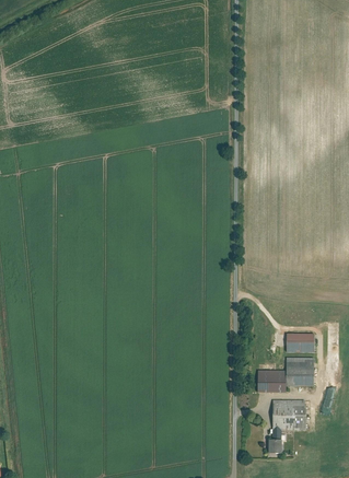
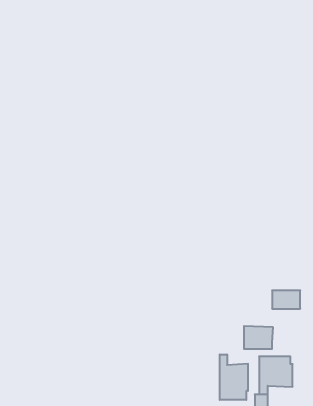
building: [286,358,314,386] -> none
building: none -> [220,354,248,400]

